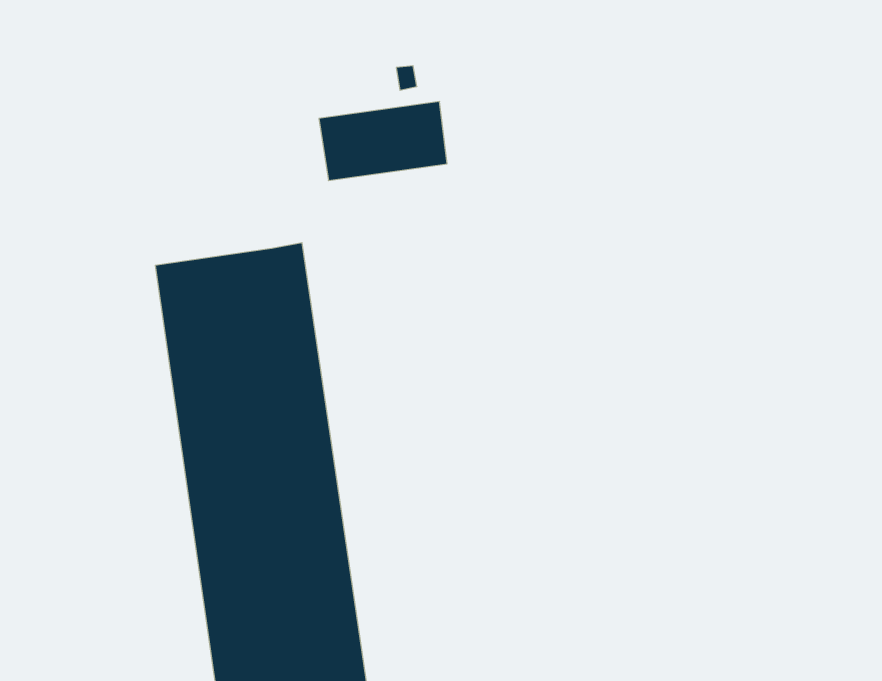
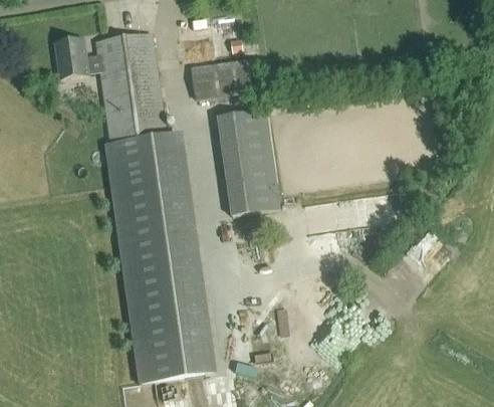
building: none -> [54,31,166,143]
building: none -> [217,108,279,214]

